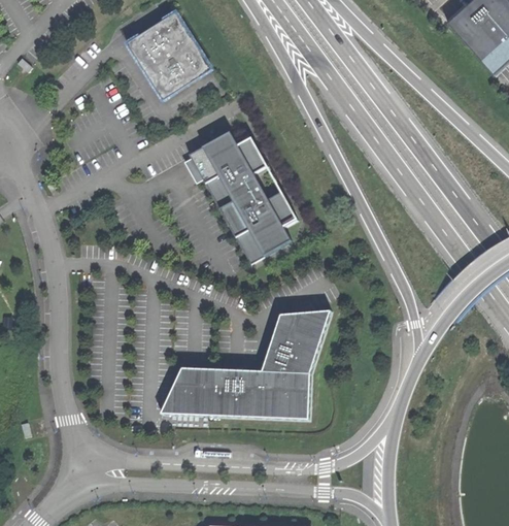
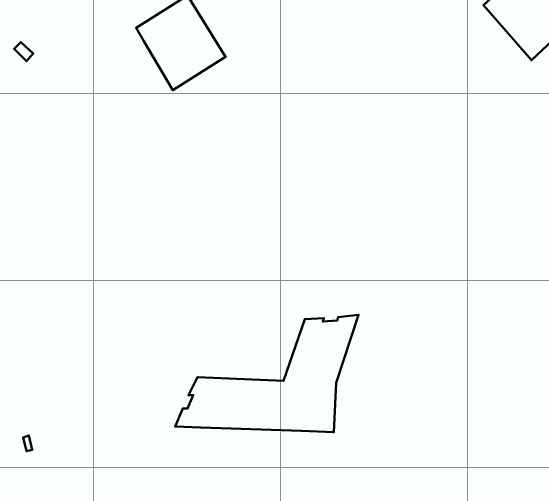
building: [186,131,296,264] -> none

